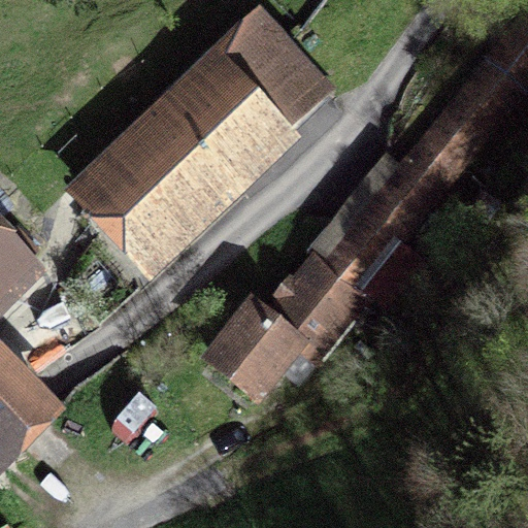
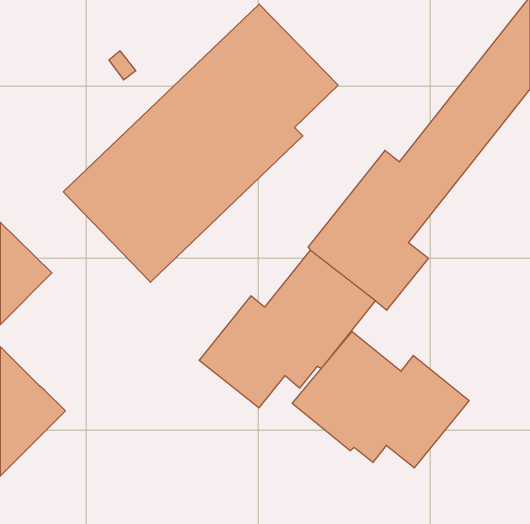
building: none -> [292,331,469,468]

